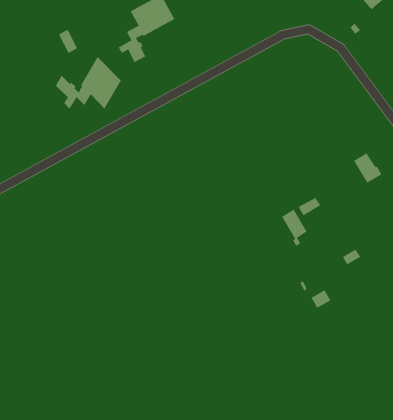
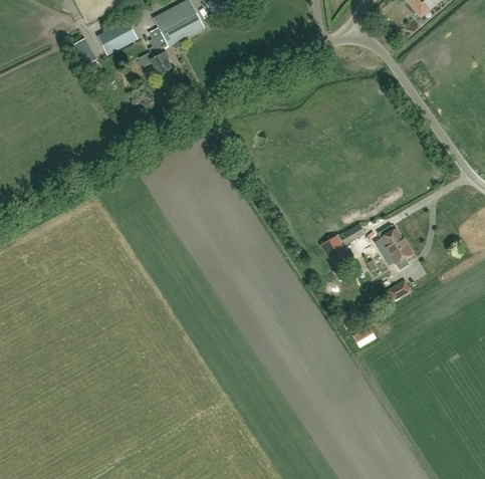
building: none -> [99,21,136,53]
building: [55,56,121,109] -> none
building: [353,153,382,183] -> [381,229,413,263]

